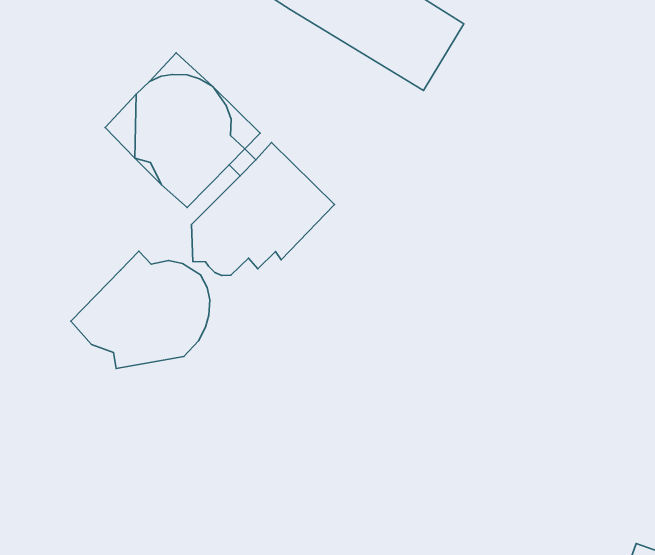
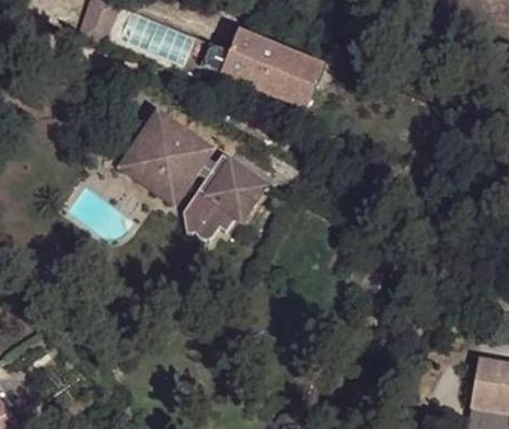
building: [71,251,210,369] -> none

